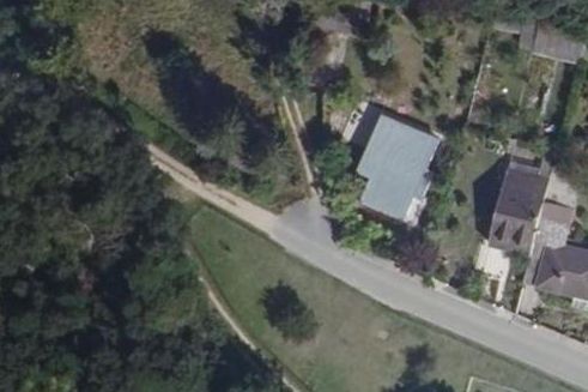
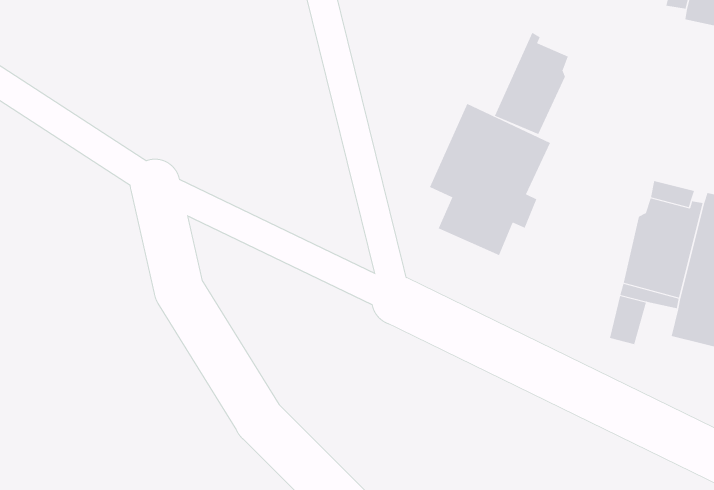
building: none -> [494,32,568,135]

